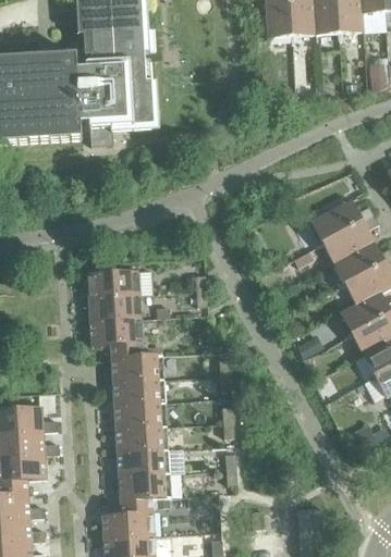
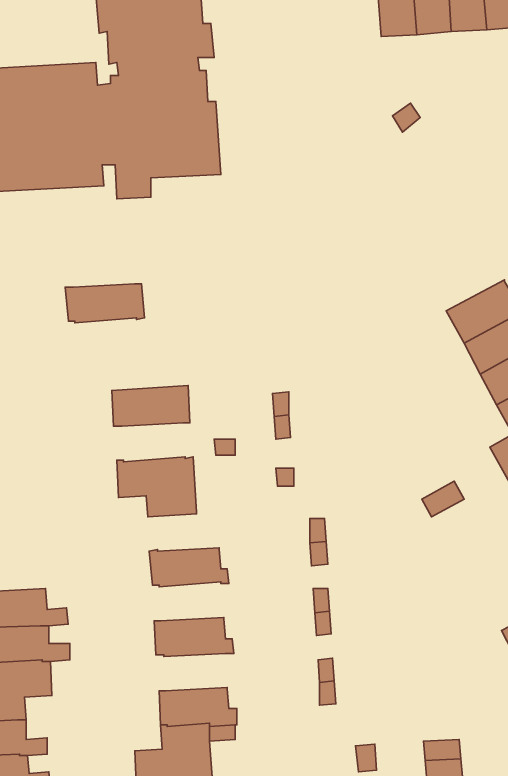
building: [87,296,140,322] -> [65,284,145,323]
building: [110,355,163,382] -> none
building: [113,403,166,429] -> none
building: [115,450,169,475] -> none

